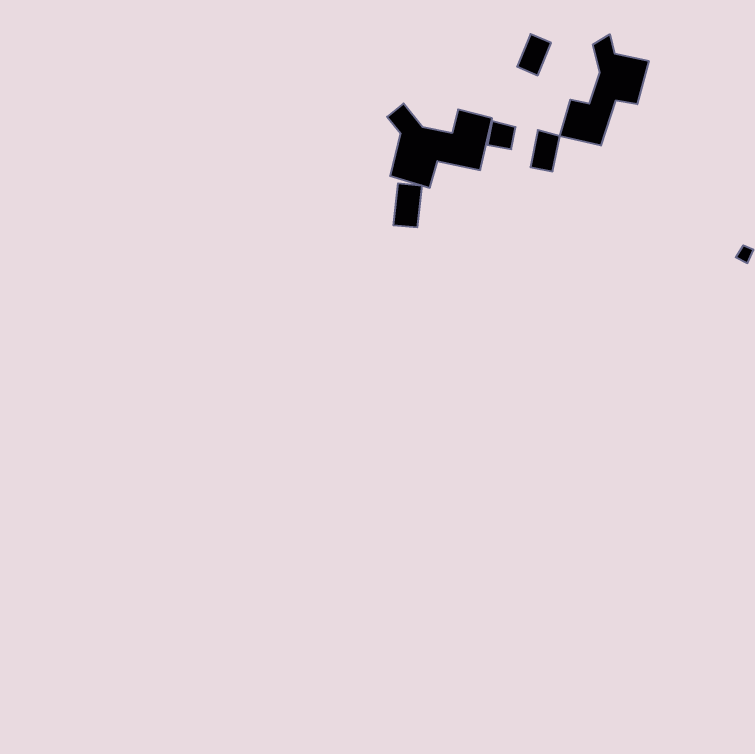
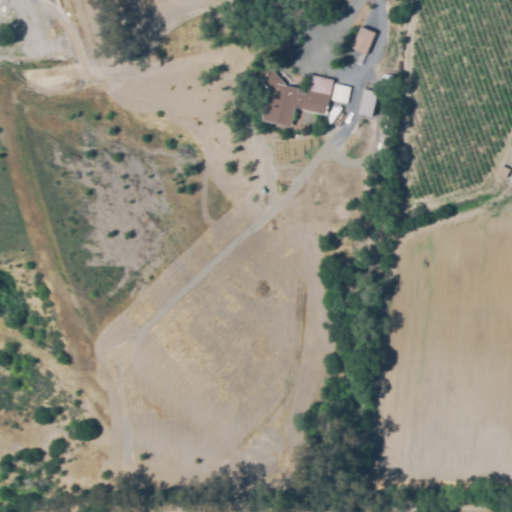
building: [560,34,649,146] -> none
building: [393,183,422,227] -> none

